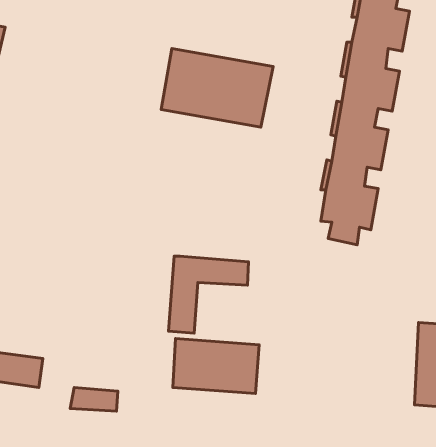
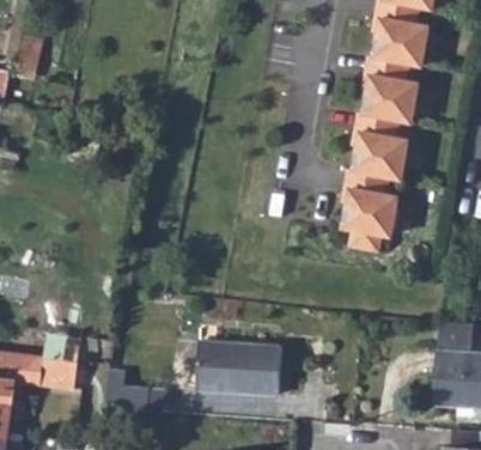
building: [161,48,273,127] -> none
building: [168,256,248,333] -> none

